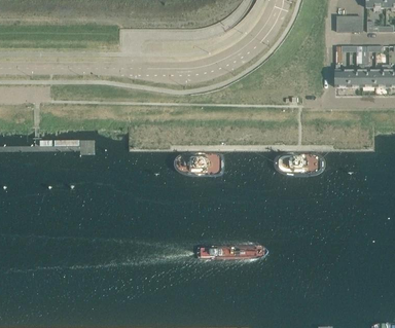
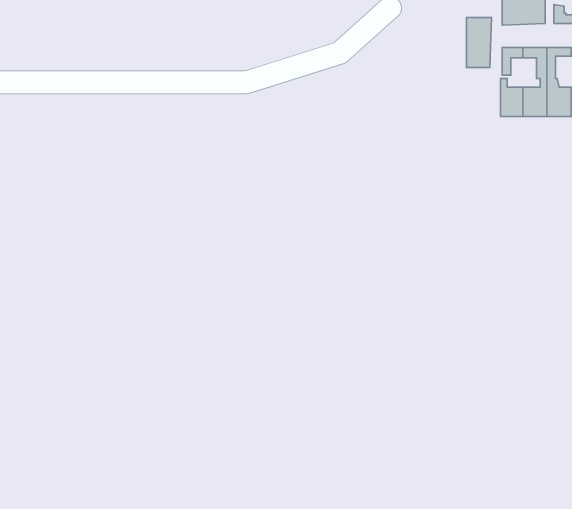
building: none -> [467,18,491,68]

